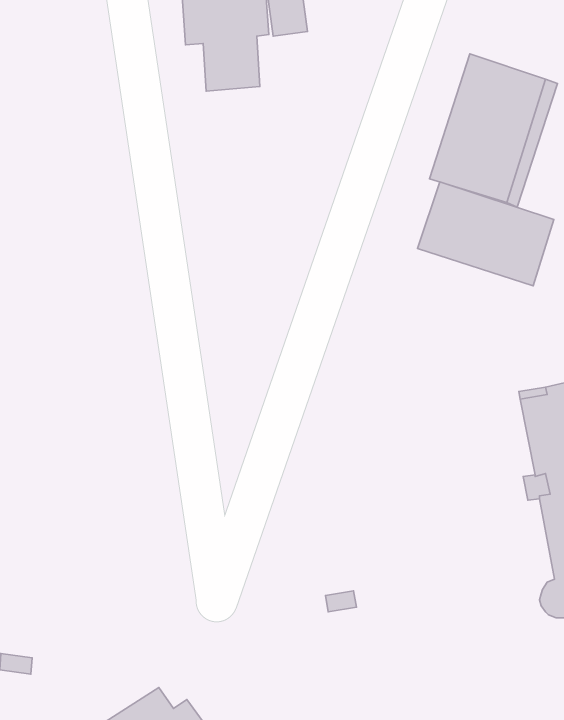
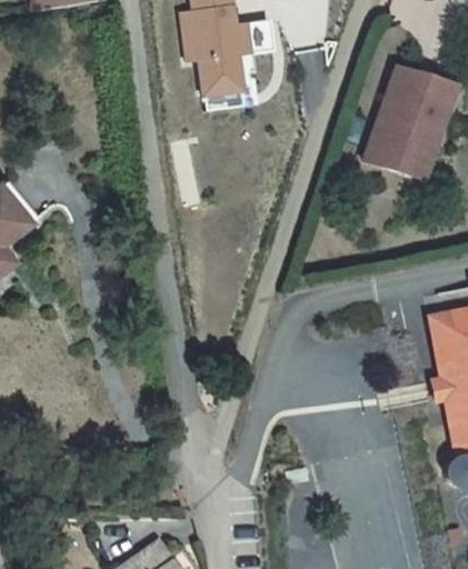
building: [417,182,554,286] -> none

